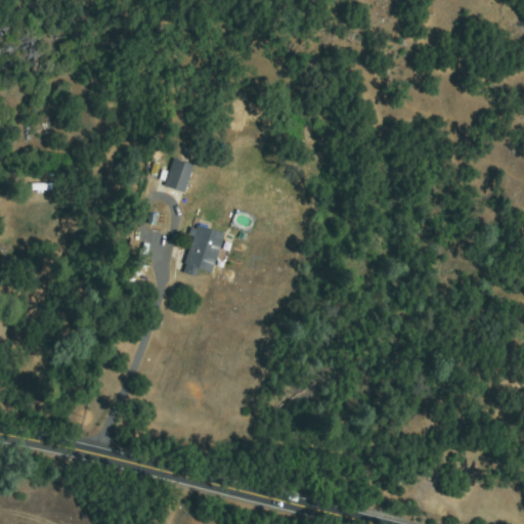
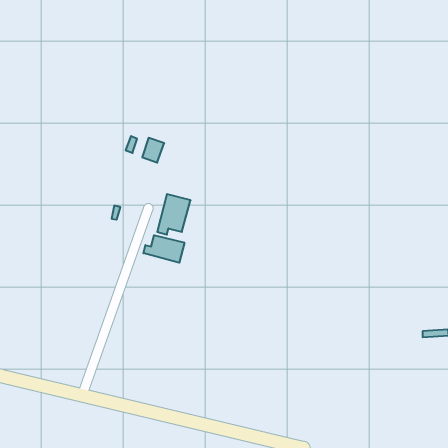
building: none -> [143,235,184,263]

